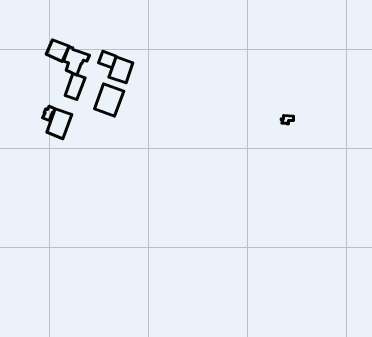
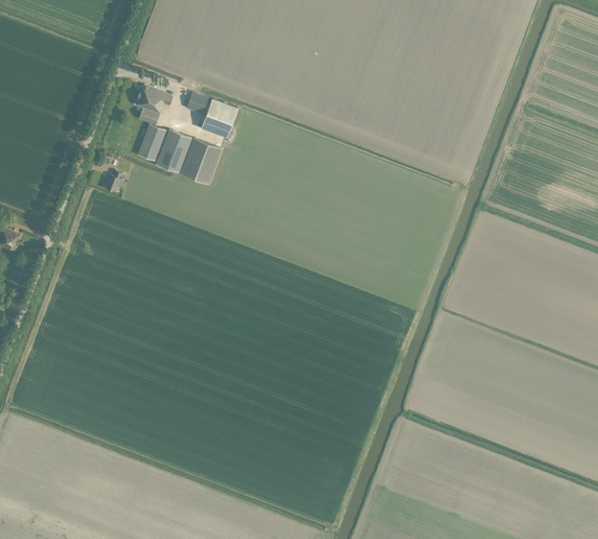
building: [46,40,69,61] -> none
building: [47,109,72,139] -> [155,130,191,173]

